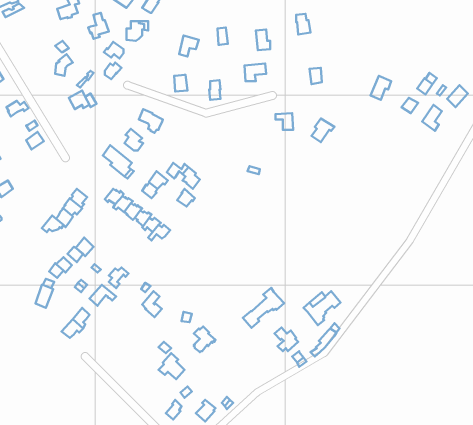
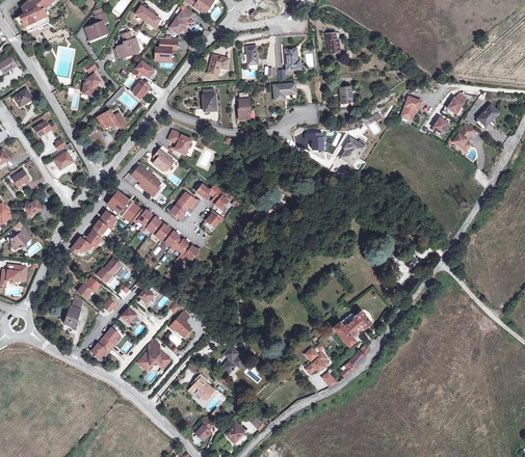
building: none -> [108,191,139,221]
building: [243,288,284,328] -> none
building: none -> [138,340,169,370]

